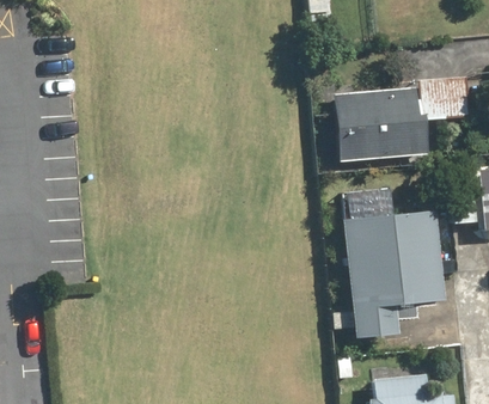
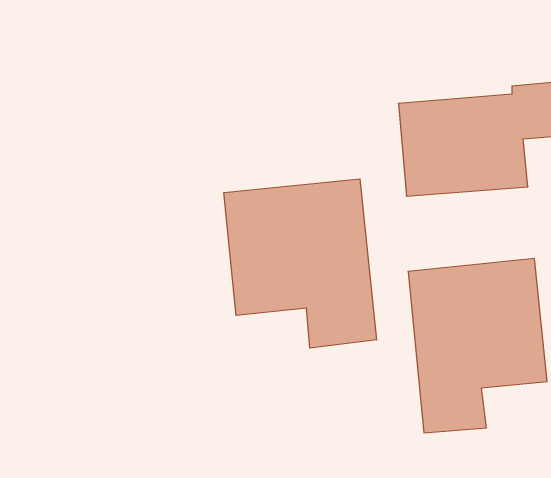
building: none -> [224,179,377,348]

